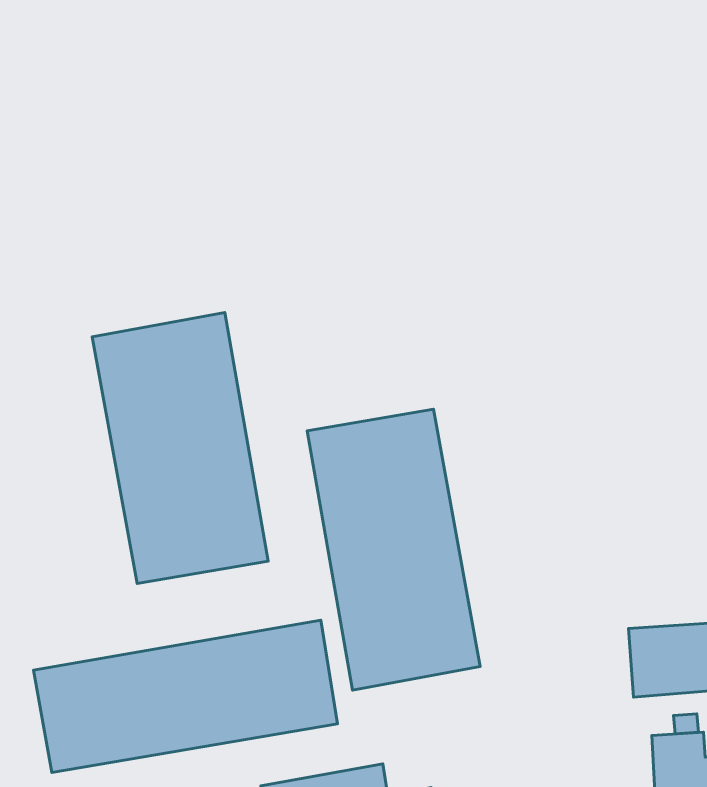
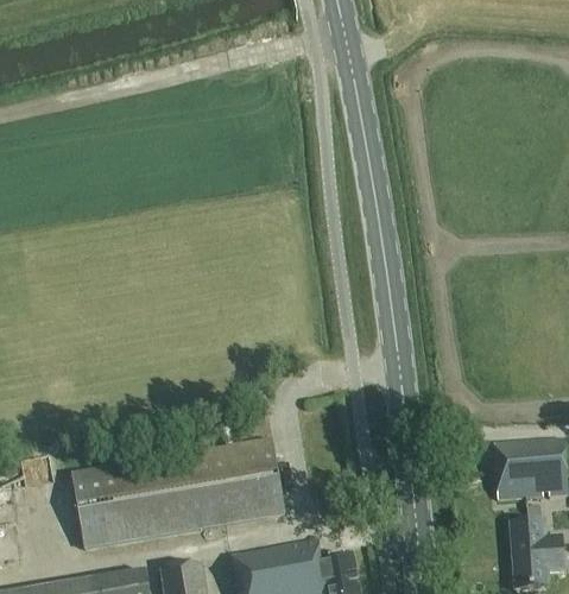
building: [92,313,268,583] -> none
building: [307,409,480,690] -> none

